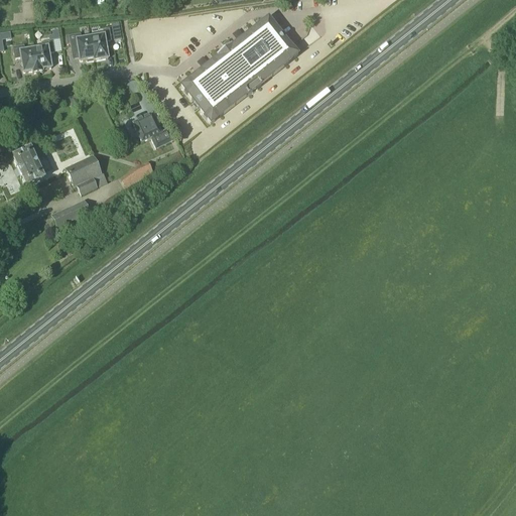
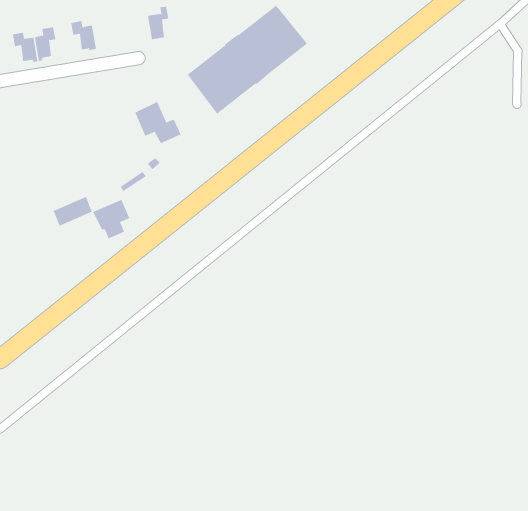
building: [92,26,113,58] -> [147,6,169,40]
building: [14,148,45,185] -> none
building: [67,155,103,194] -> [93,199,130,239]

